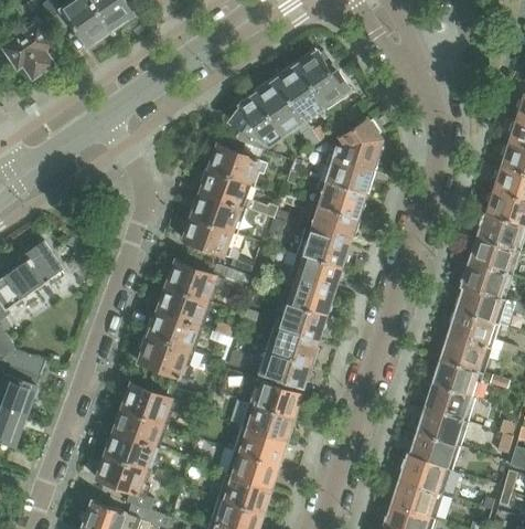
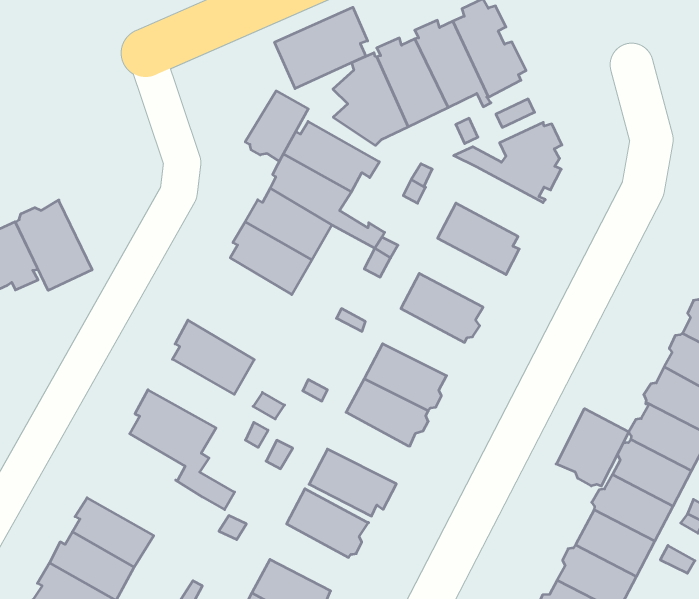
building: none -> [275,7,368,89]
building: none -> [245,91,308,161]
building: [320,155,375,194] -> none
building: [304,204,360,243] -> none
building: none -> [15,200,92,290]
building: [289,253,343,290] -> none
building: [163,261,224,301] -> none
building: none -> [556,409,629,486]
building: [146,310,201,349] -> none
building: [266,325,319,364] -> none
building: [119,383,192,424] -> none
building: [242,402,293,440] -> none

